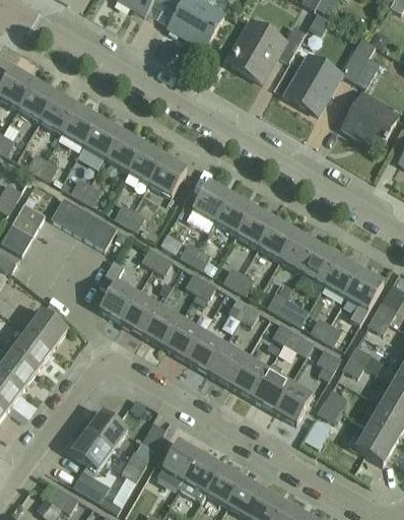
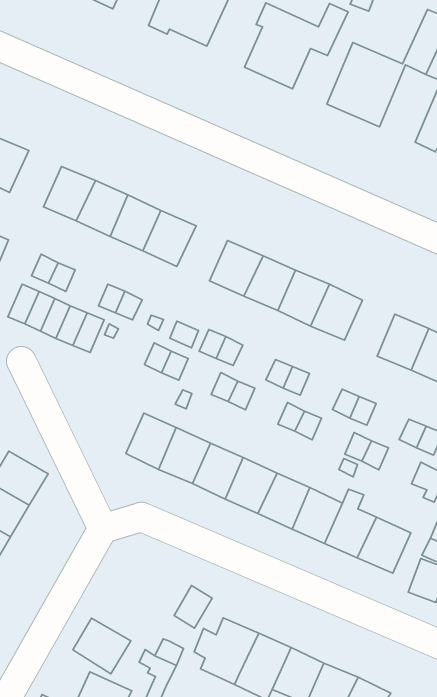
building: [61,106,98,145] -> none
building: [280,233,317,272] -> none
building: [99,259,137,321] -> none
building: [86,411,127,450] -> none

